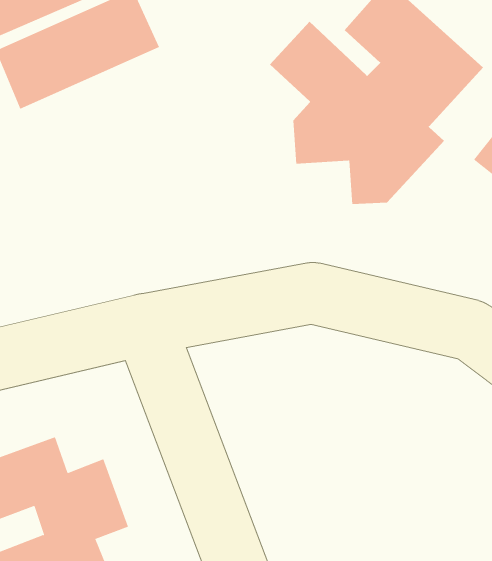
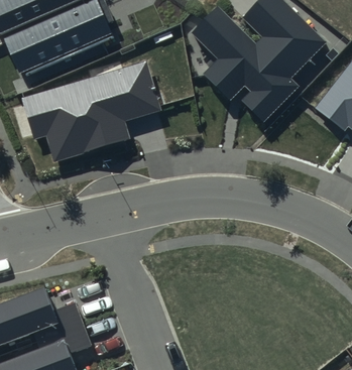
building: none -> [21,60,162,162]

